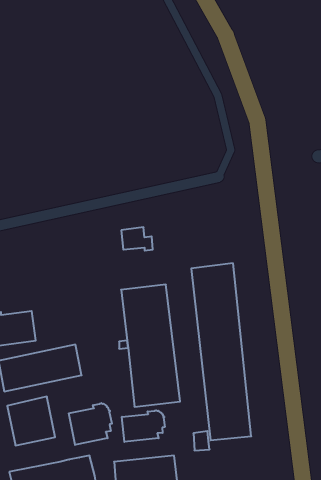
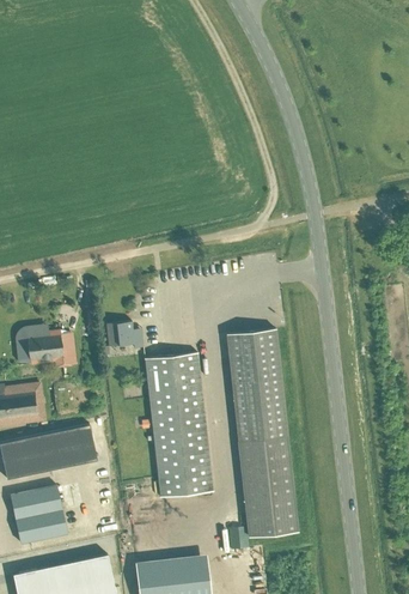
building: [121,227,153,251] -> [105,321,142,348]
building: none -> [18,327,73,365]
building: [69,403,112,445] -> none
building: [122,410,165,442] -> none

